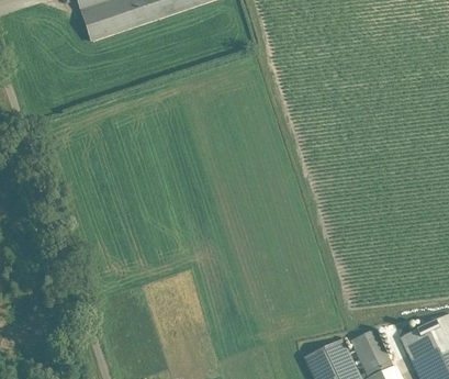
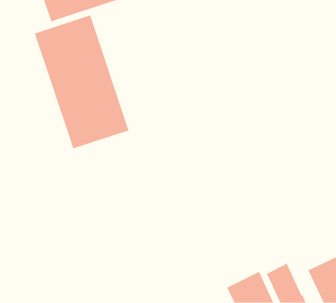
building: none -> [34,15,129,149]

